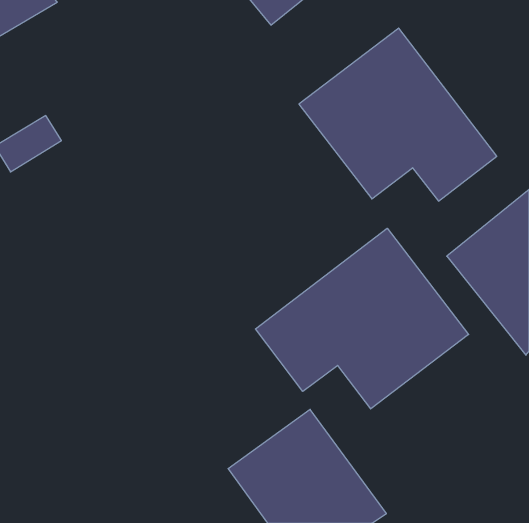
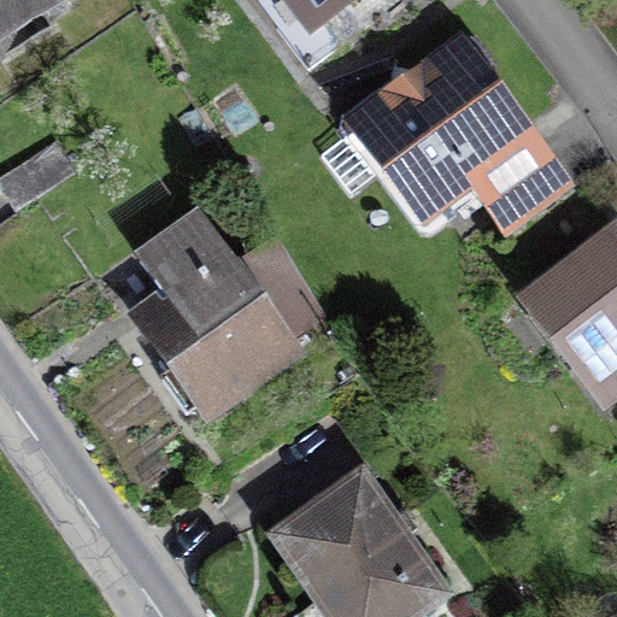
building: none -> [135,205,302,415]
building: [255,228,469,409] -> none

